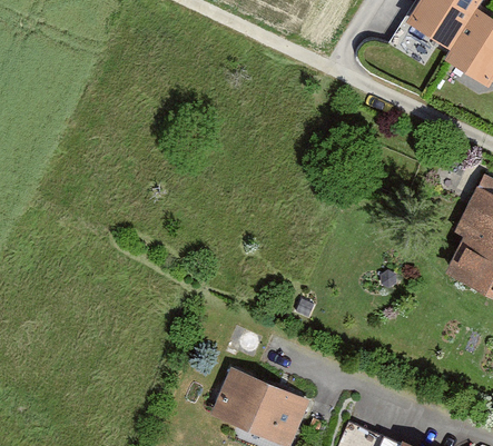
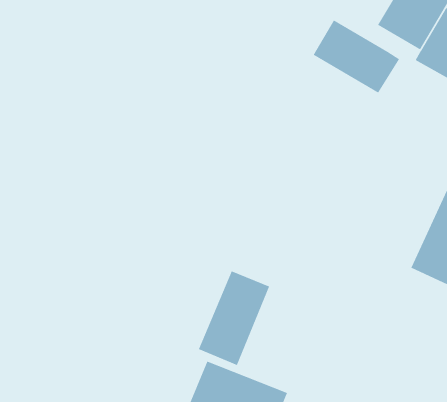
building: none -> [313,19,400,93]
building: none -> [198,271,270,366]

